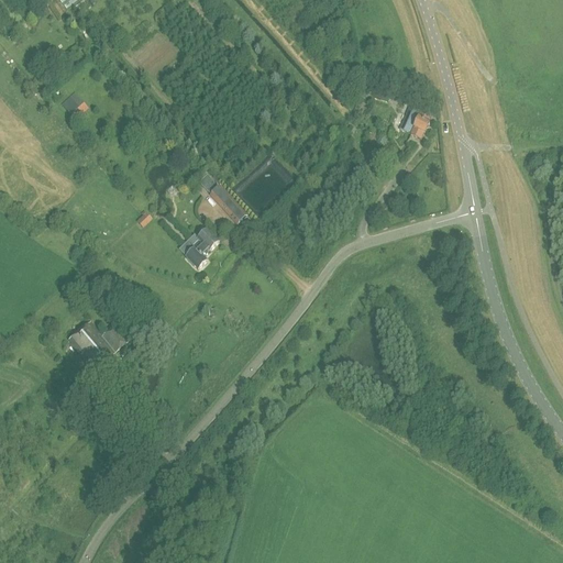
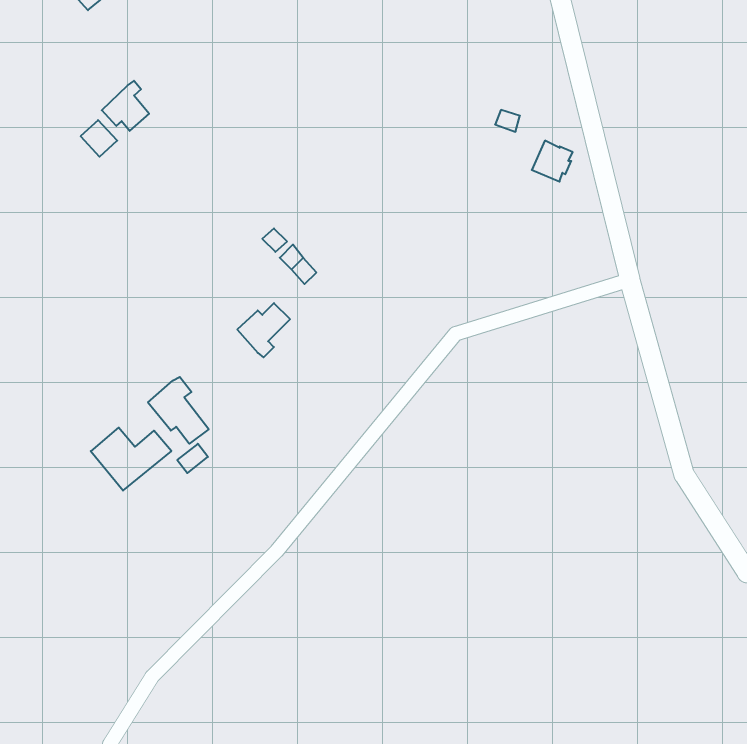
building: none -> [102,81,149,131]
building: none -> [148,377,209,444]

